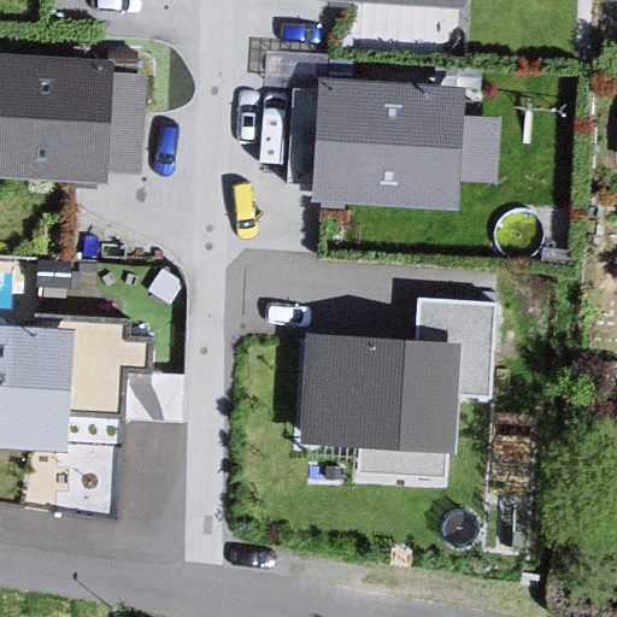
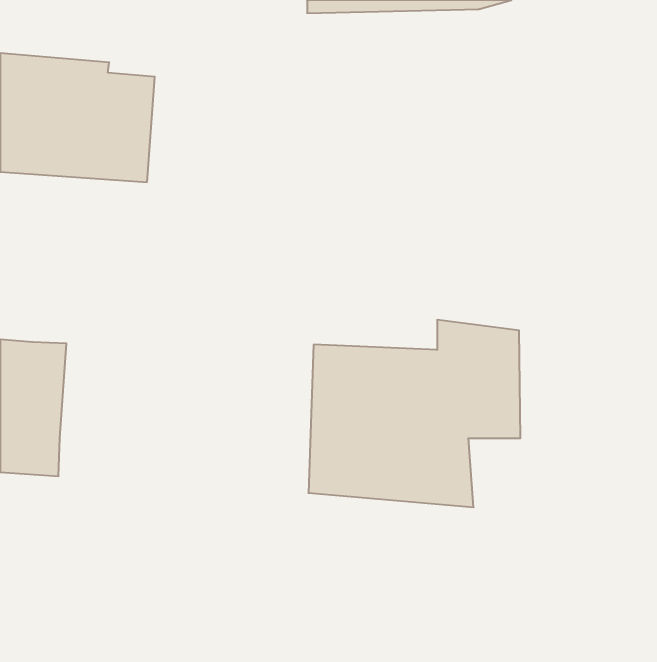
building: [286,88,481,221] -> none
building: [37,308,157,412] -> none

